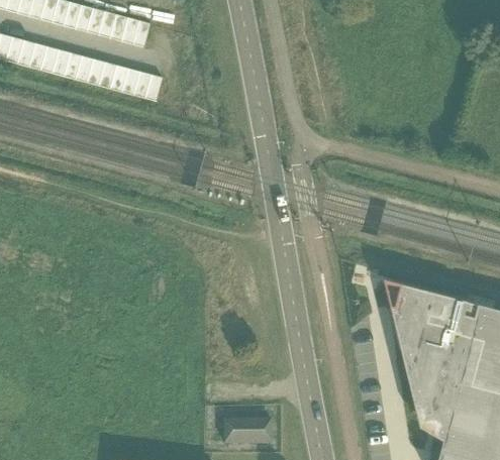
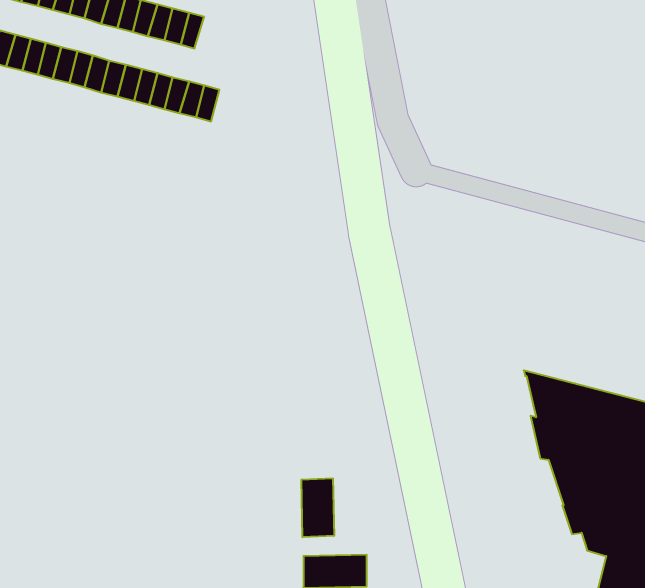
building: none -> [301,478,334,537]

